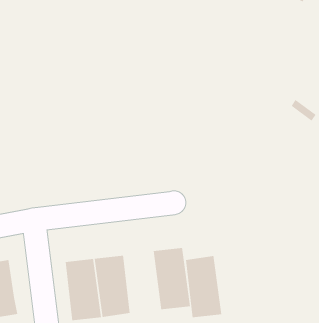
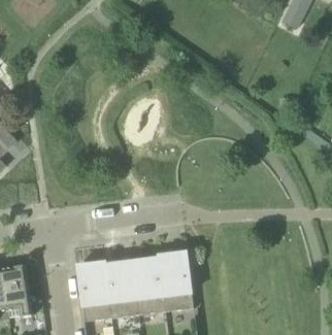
building: [185,255,222,318] -> [132,256,166,313]

